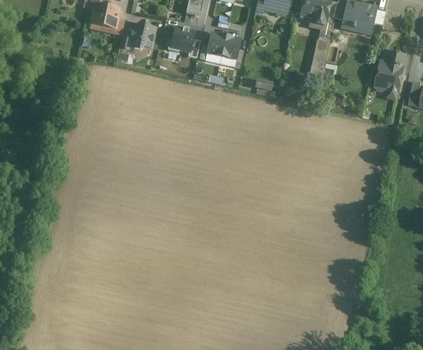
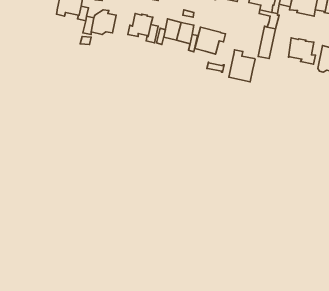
building: none -> [195,27,225,54]
building: none -> [288,38,315,64]
building: none -> [229,50,255,82]

